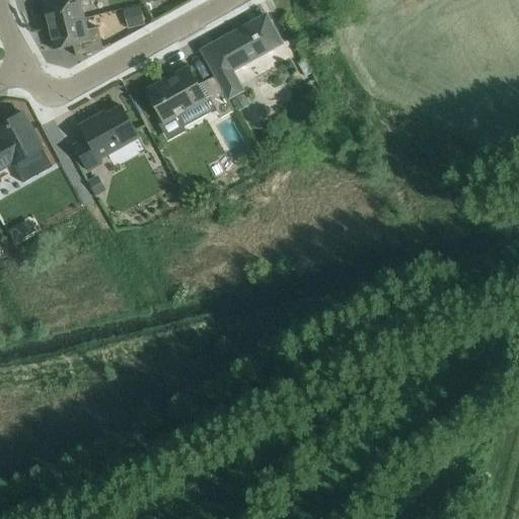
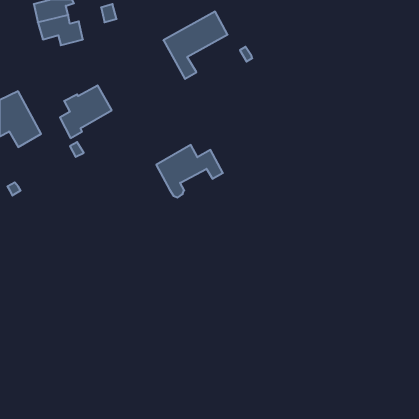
building: [146,67,228,132] -> [156,145,223,198]

